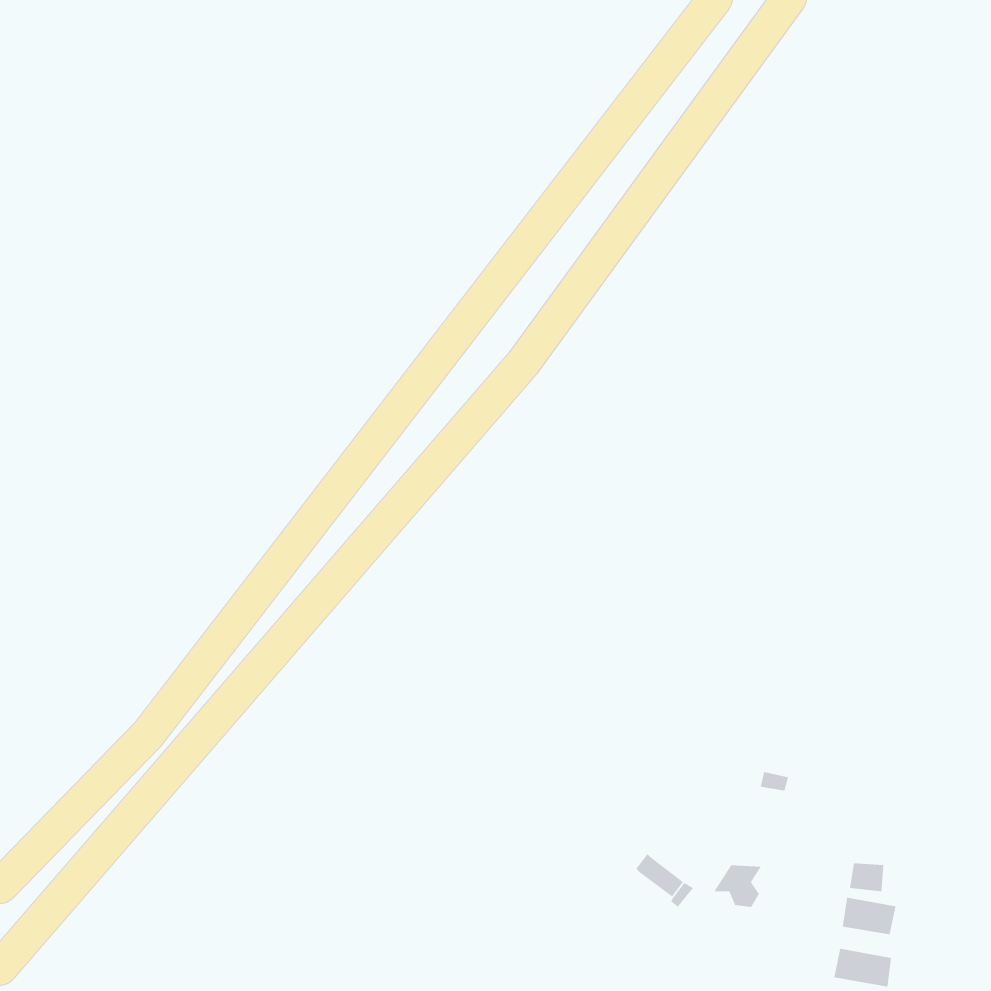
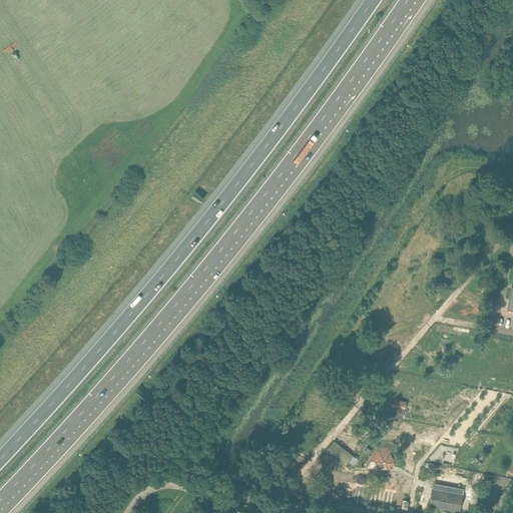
building: [842,897,896,935] -> none

